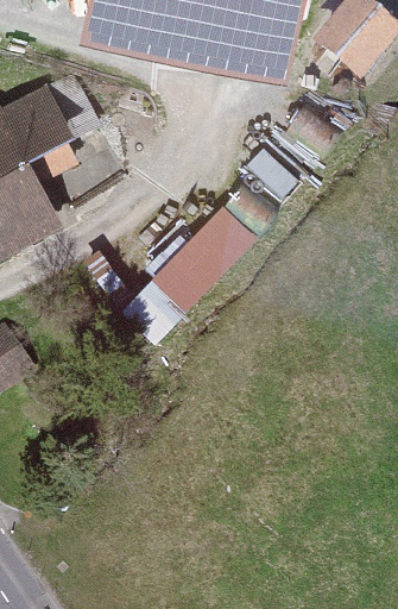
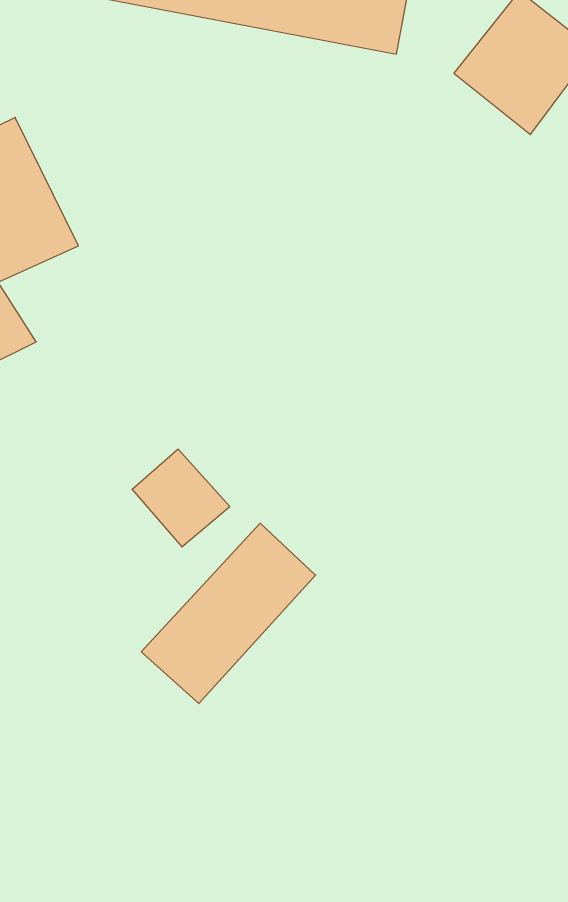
building: [150,200,258,312] -> [141,523,316,704]

